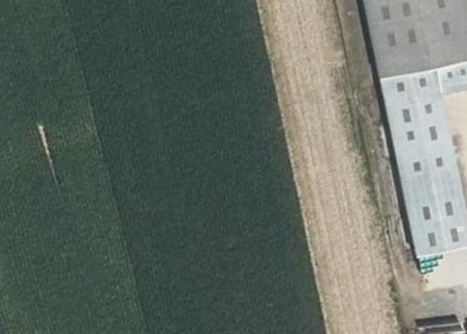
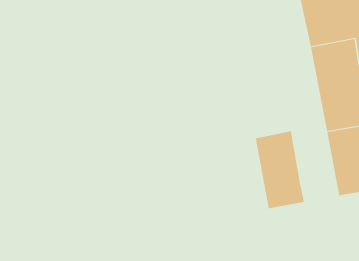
building: none -> [255,130,305,209]

